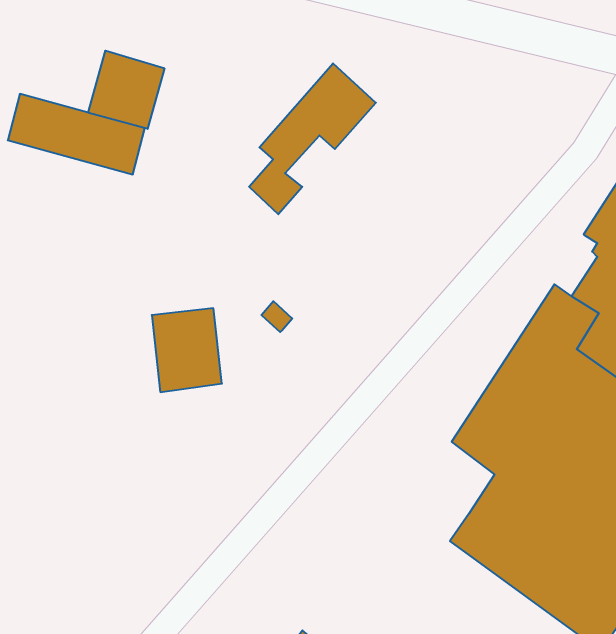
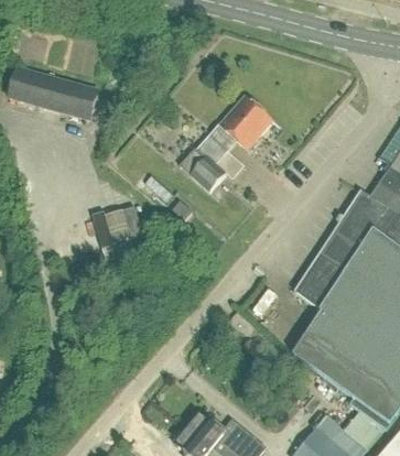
building: [88,51,164,129] -> none
building: [249,63,376,214] -> [190,95,271,192]

